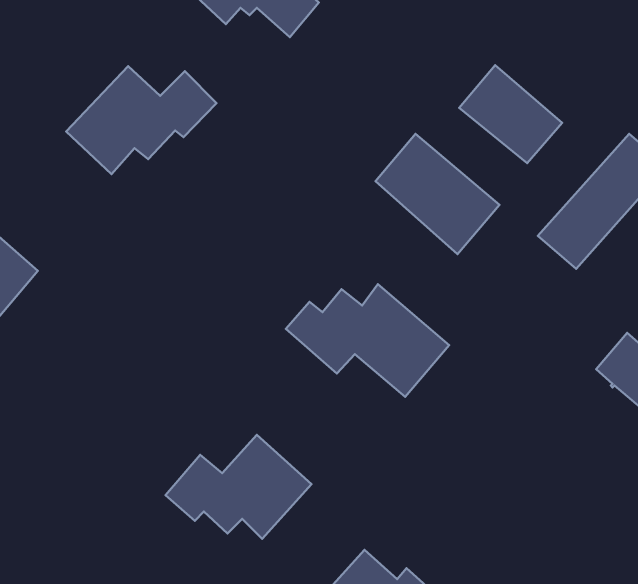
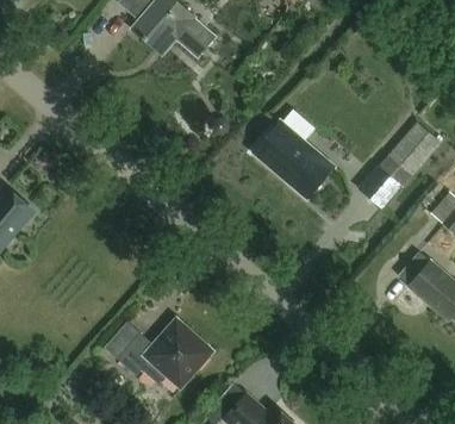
building: [459,65,562,163] -> none
building: [66,66,216,174] -> none
building: [286,284,449,397] -> none

